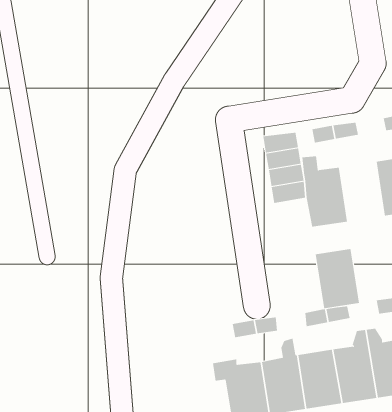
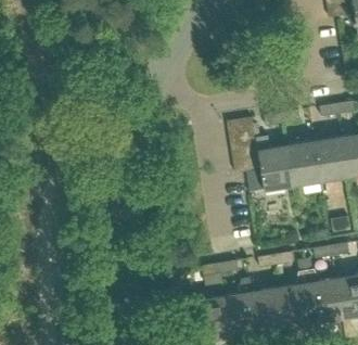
building: [315,249,360,309] -> [291,140,325,187]

